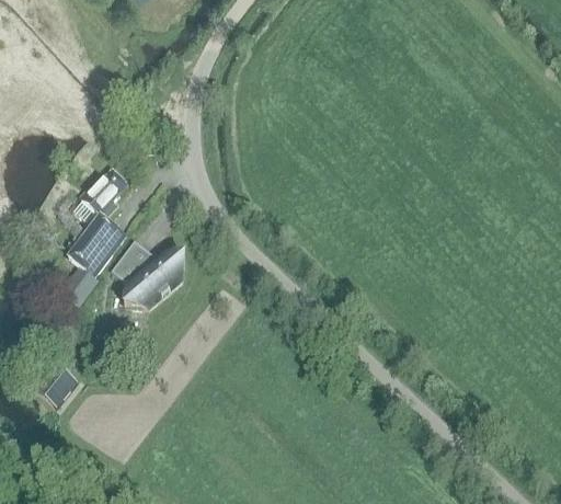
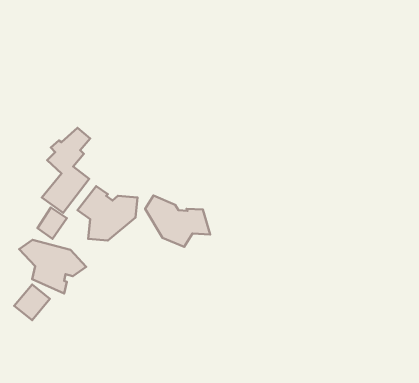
building: none -> [145,196,210,247]
building: none -> [19,240,86,294]

